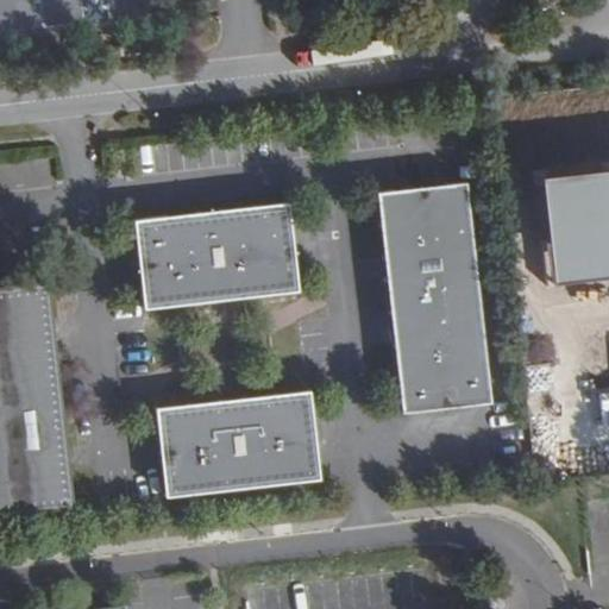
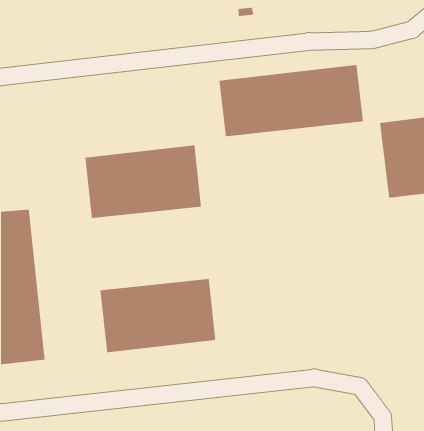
building: none -> [219,64,364,137]
building: [376,184,492,412] -> none

